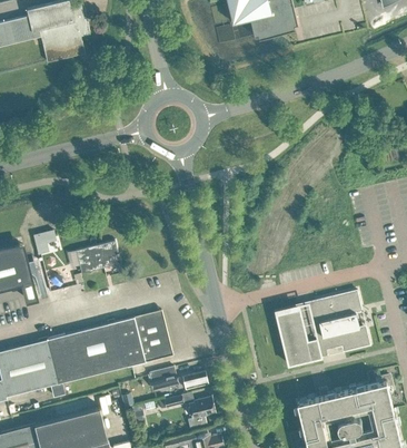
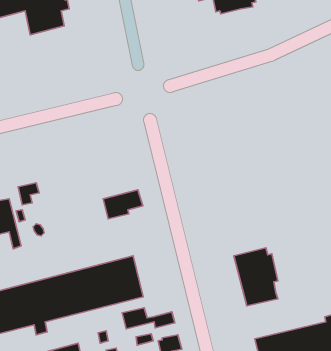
building: [76,242,120,274] -> [103,190,143,219]
building: [315,290,370,351] -> none

